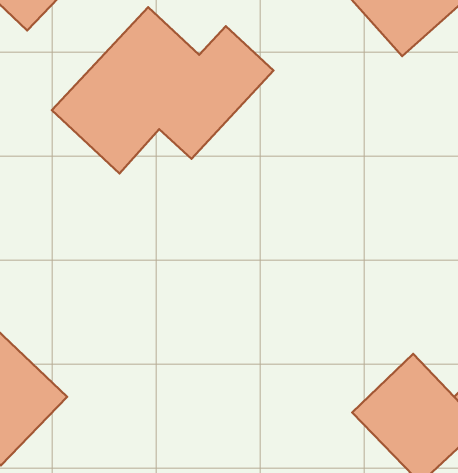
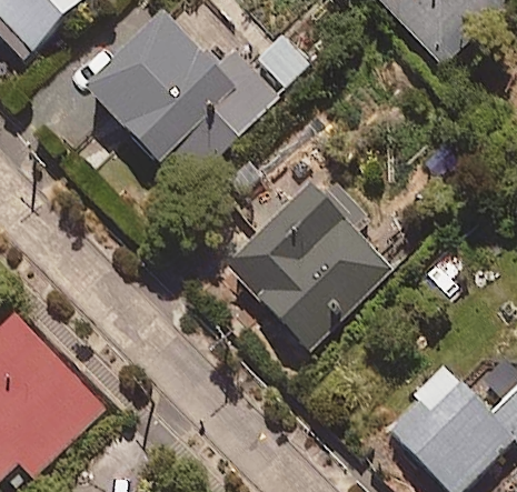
building: none -> [231,169,407,343]

